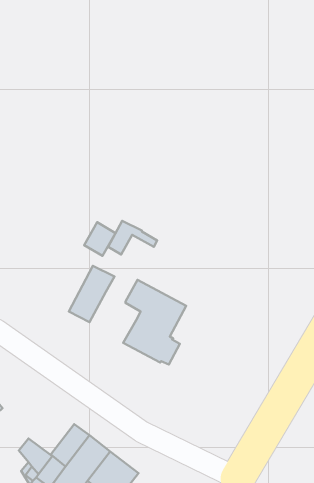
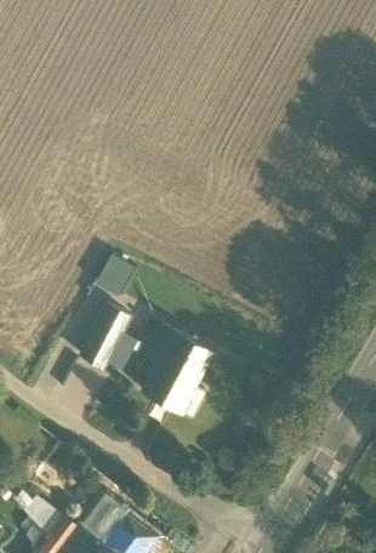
building: [108,221,157,254] -> [107,335,161,372]

